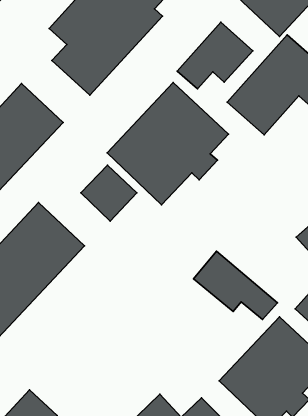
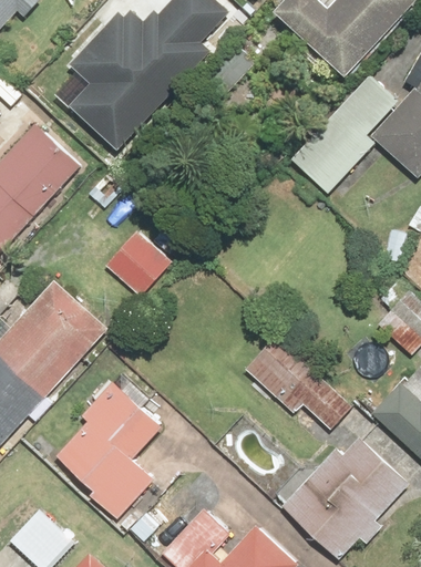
building: [177,22,253,89] -> none
building: [107,82,229,205] -> none
building: none -> [52,381,168,517]

